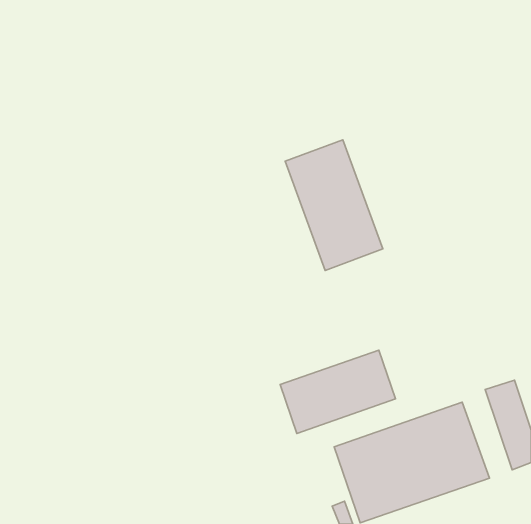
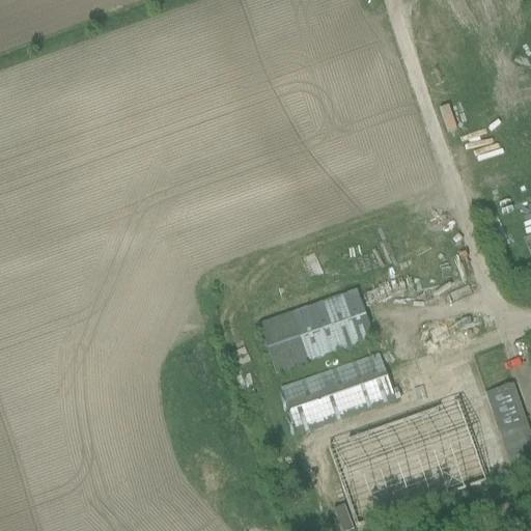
building: [285,140,383,270] -> none
building: none -> [261,285,373,372]

